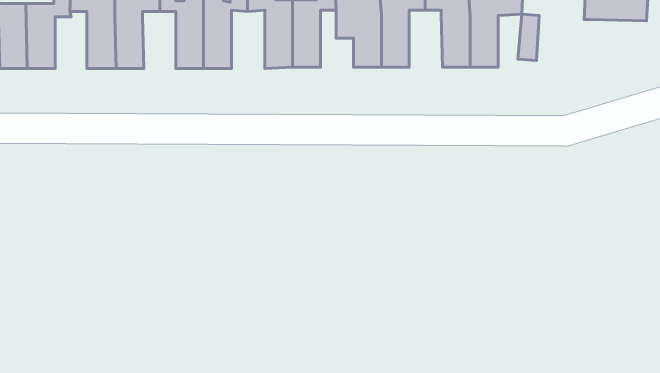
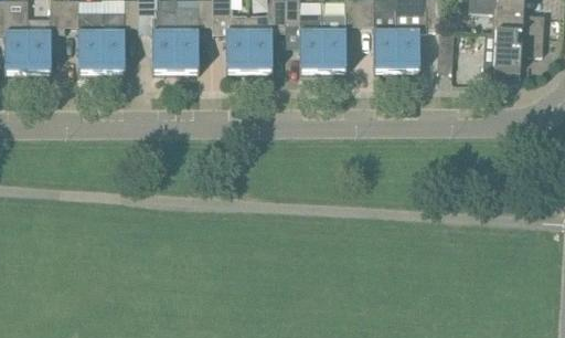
building: none -> [494,32,544,71]

